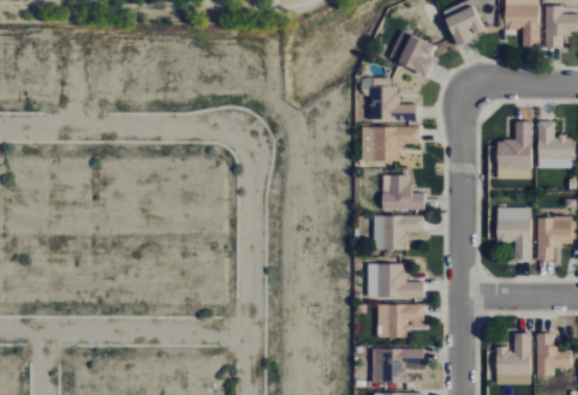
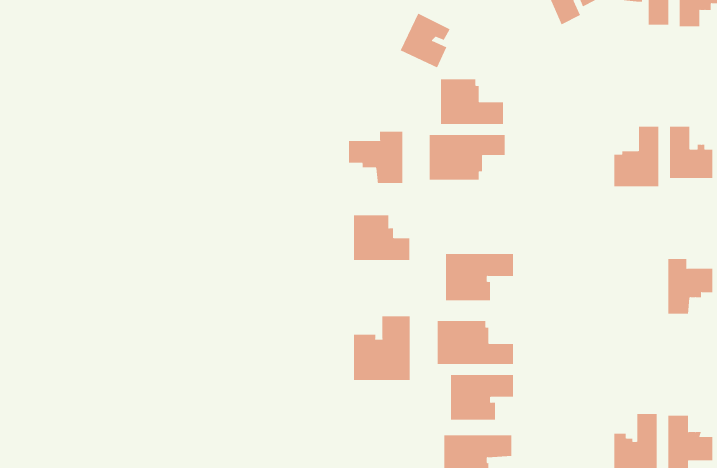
building: [399,35,436,76] -> [400,13,451,68]
building: none -> [349,131,403,184]
building: [382,175,424,209] -> [353,215,410,261]
building: [497,216,531,259] -> none
building: none -> [354,315,410,381]

